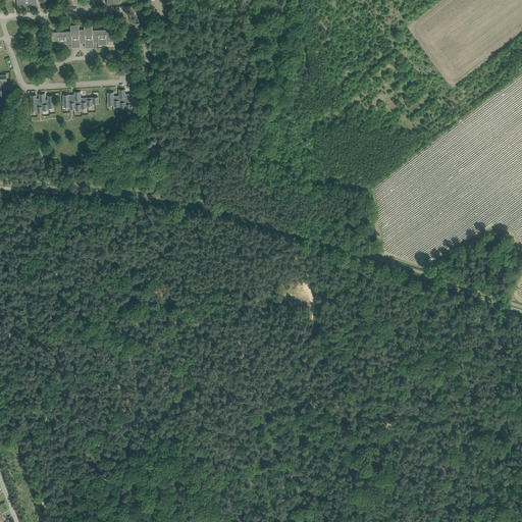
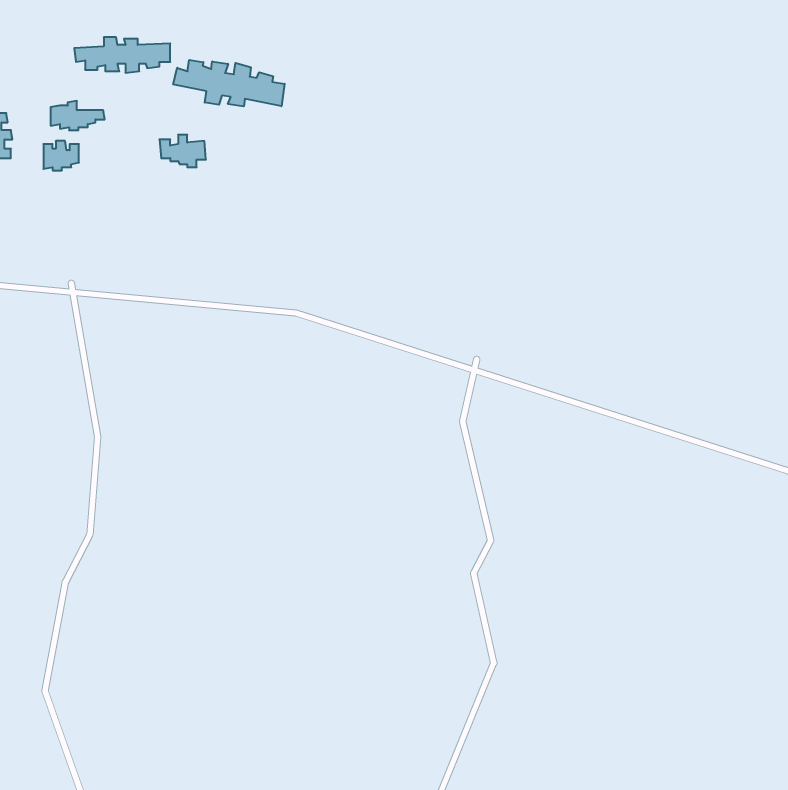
building: none -> [173,60,285,106]
building: [61,92,97,111] -> [51,101,105,130]

